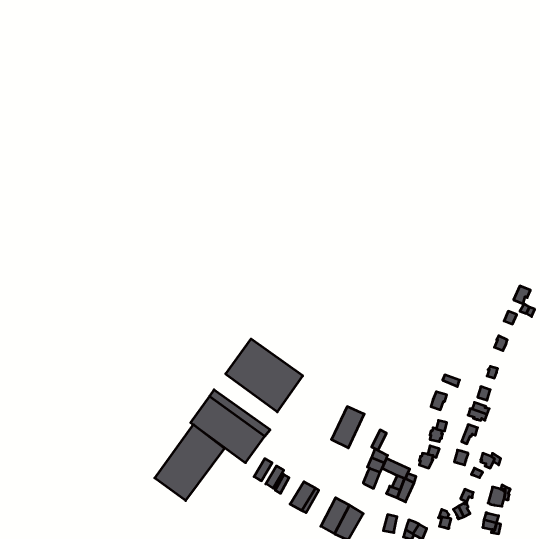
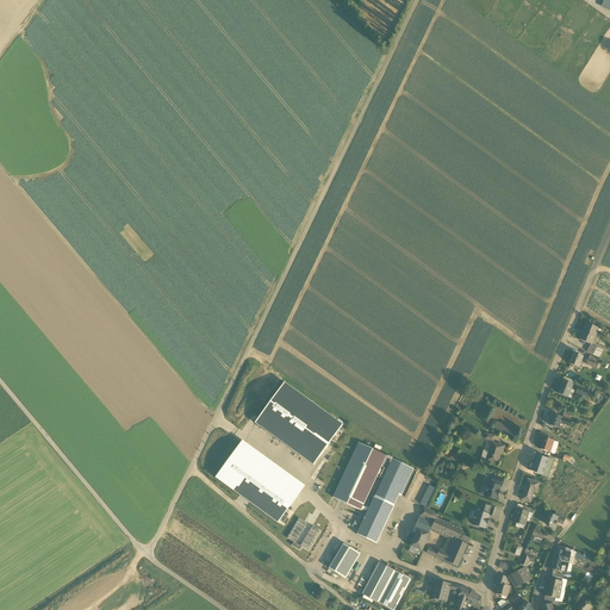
building: none -> [332,441,385,509]
building: [155,425,225,501] -> none
building: none -> [355,494,392,542]

